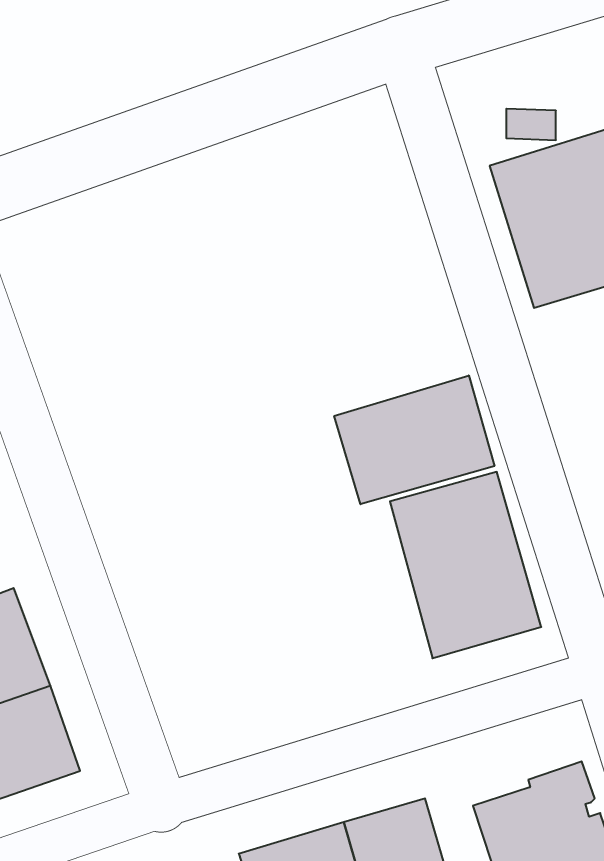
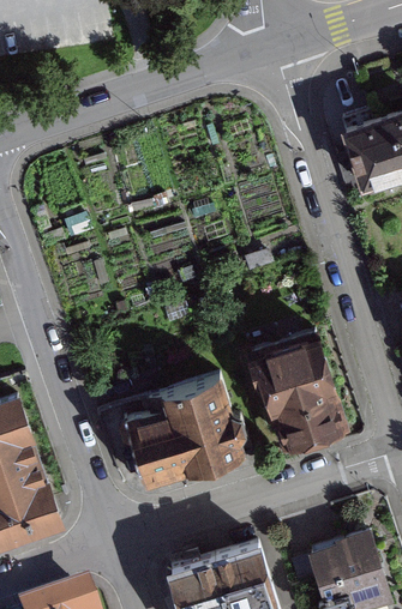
building: [334,375,494,504] -> none
building: none -> [118,366,263,489]

